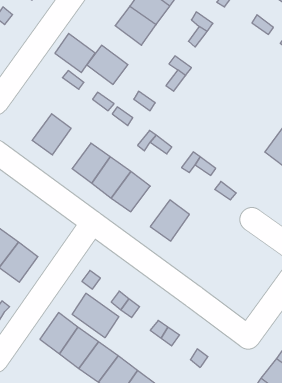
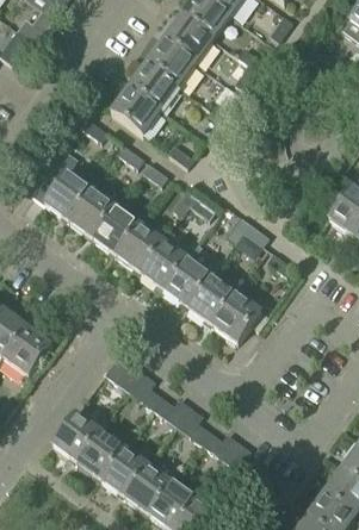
building: [55,33,95,73] -> [128,62,177,110]
building: none -> [68,187,114,236]
building: none -> [163,244,221,306]
building: none -> [212,292,259,342]
building: [72,293,119,338] -> none

